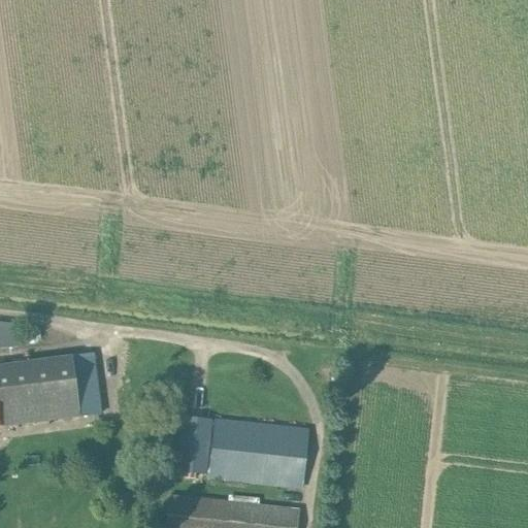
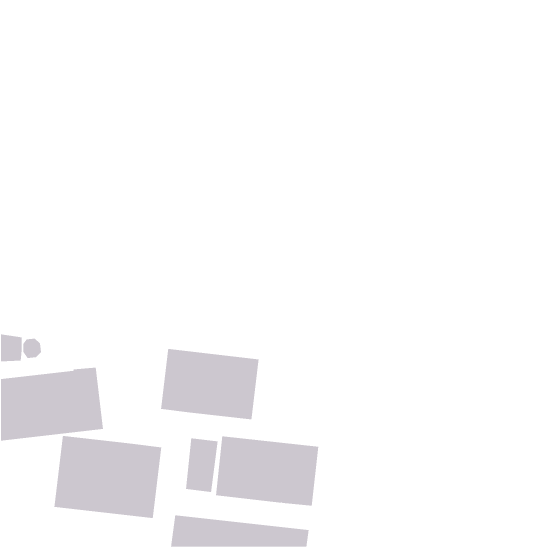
building: none -> [160,348,259,420]
building: none -> [54,435,162,519]

